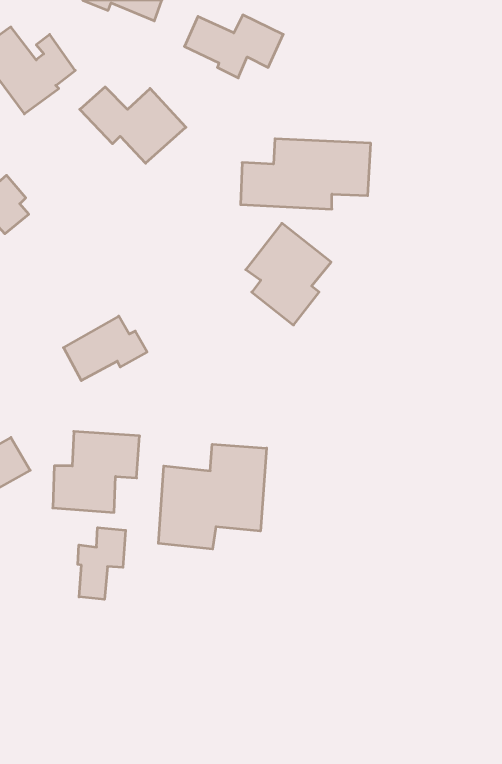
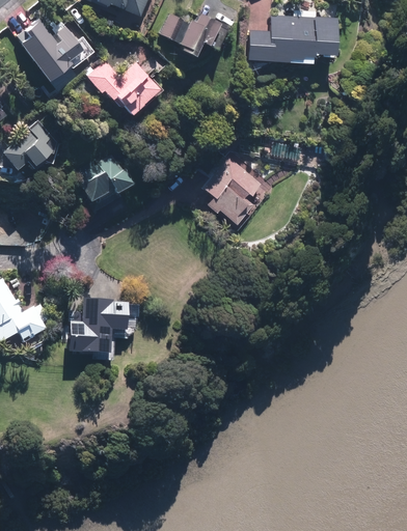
building: [241,139,371,209] -> [248,13,338,62]
building: [63,316,147,381] -> [75,156,133,200]
building: [158,444,267,549] -> none
building: [78,528,126,599] -> none

